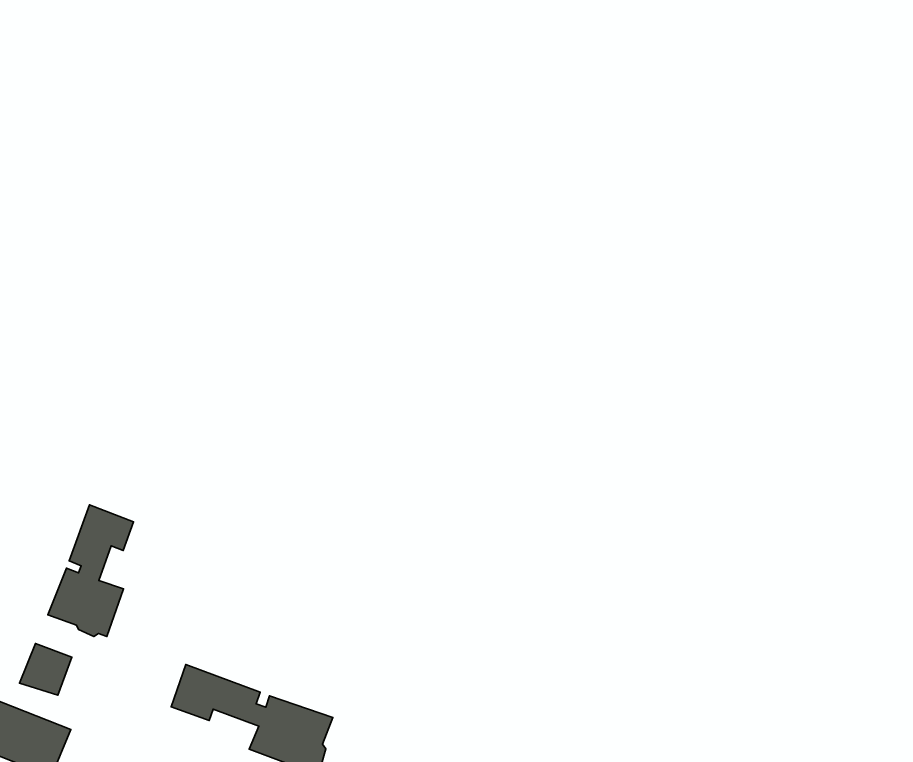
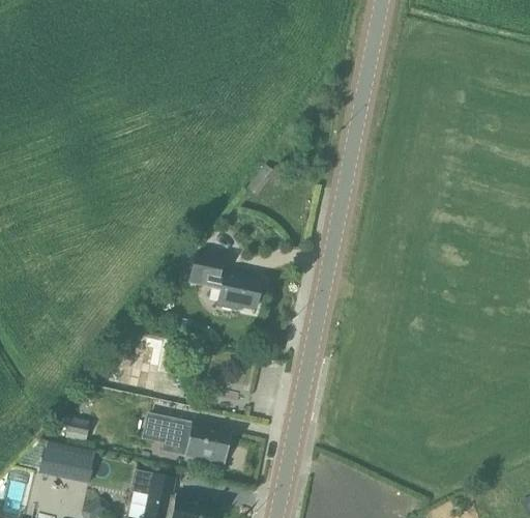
building: none -> [183,263,260,308]
building: [48,505,134,636] -> none

